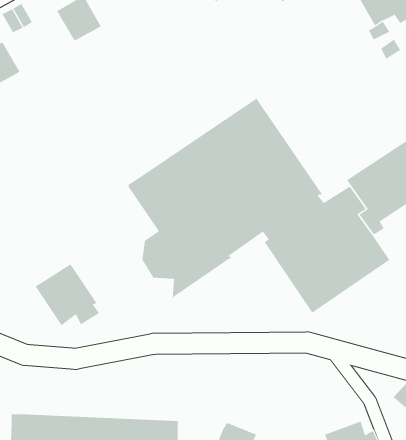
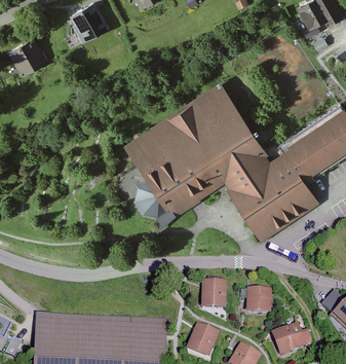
building: [35,263,100,326] -> none
building: none -> [201,280,227,308]
building: none -> [246,288,271,313]

